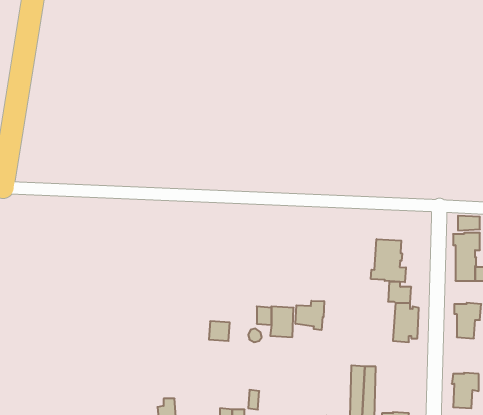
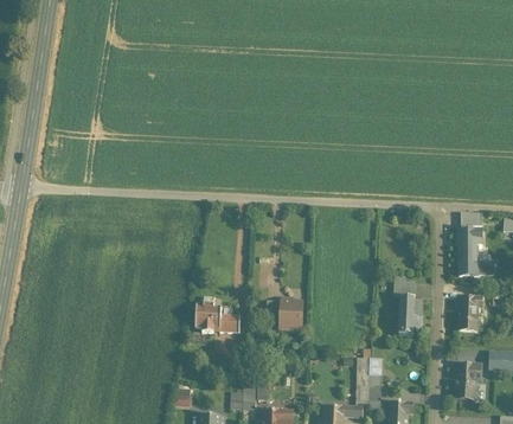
building: [371,239,406,282] -> none
building: [296,301,324,330] -> none
building: none -> [194,297,220,332]

